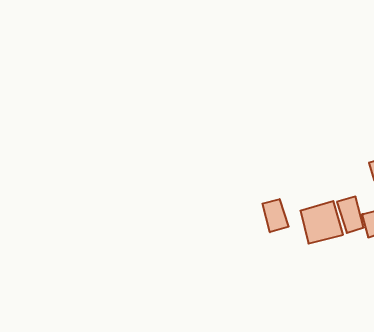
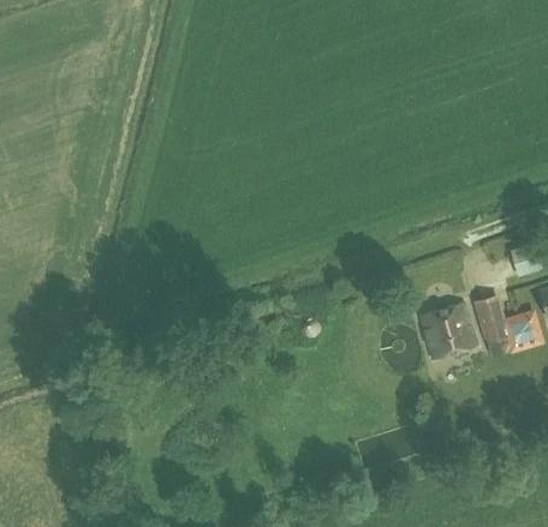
building: [262,199,289,232] -> none

